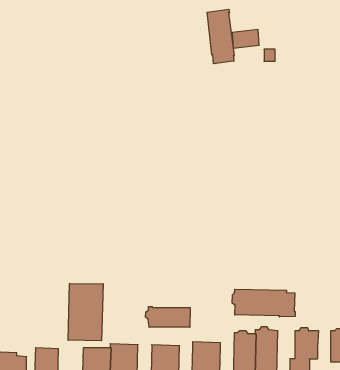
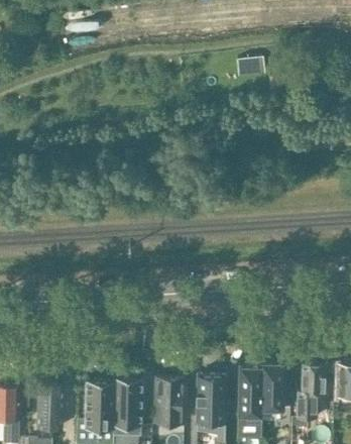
building: [207,9,234,64] -> none
building: [68,283,103,341] -> none
building: [232,289,295,317] -> none
building: [146,307,190,327] -> none

